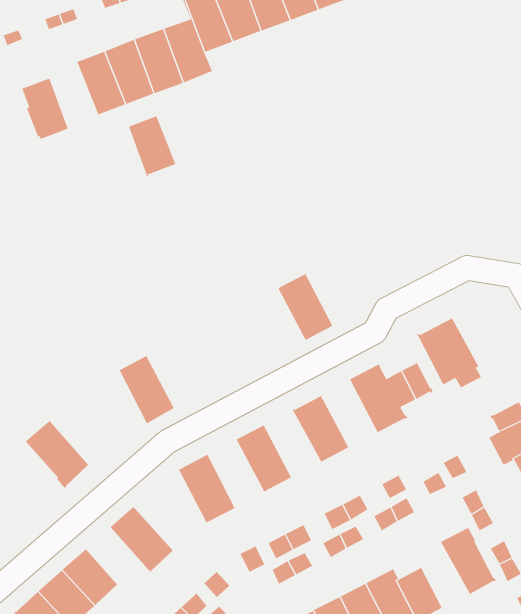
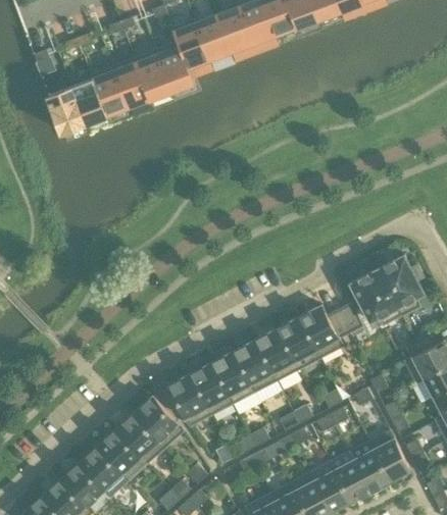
building: [128,111,176,177] -> [70,74,107,125]
building: [277,273,333,341] -> [278,317,320,369]
building: none -> [378,255,425,316]
building: [118,355,175,424] -> [191,362,234,415]
building: none -> [234,340,278,392]
building: [25,420,89,488] -> [98,429,147,481]
building: none -> [134,396,184,448]
building: none -> [347,441,391,492]

